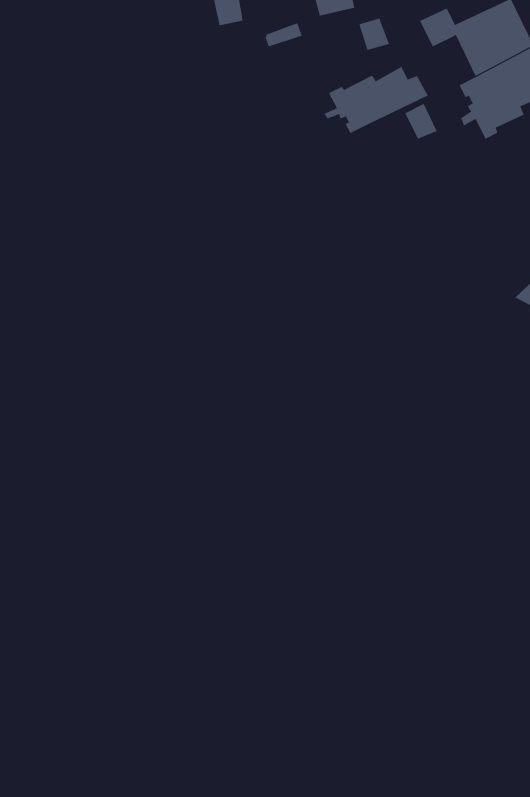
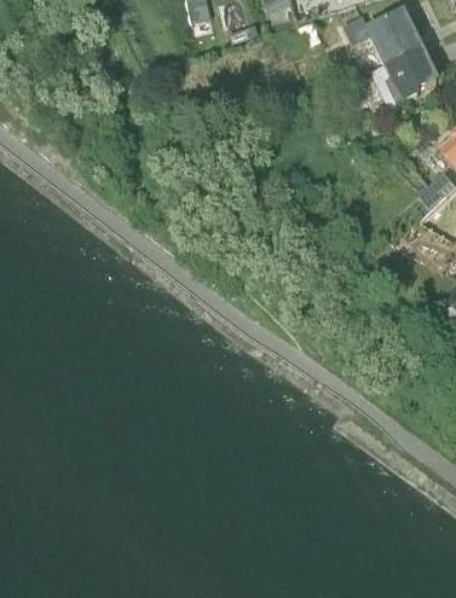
building: [324,66,429,134] -> none

